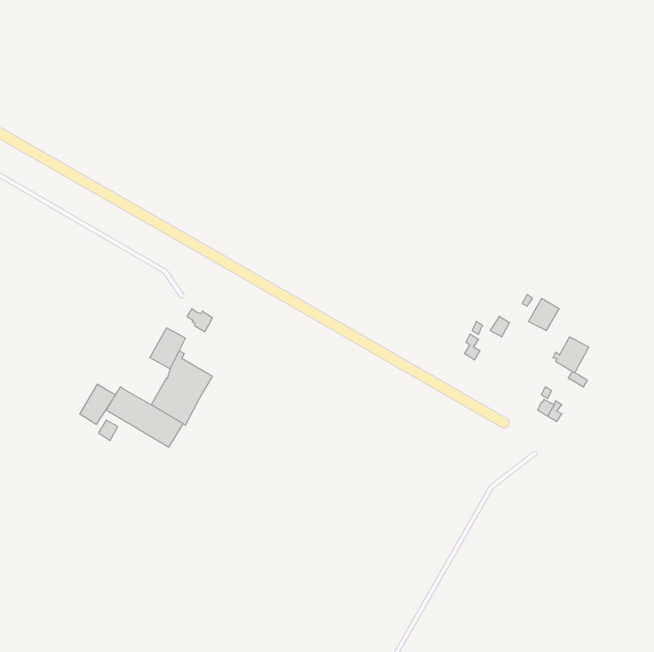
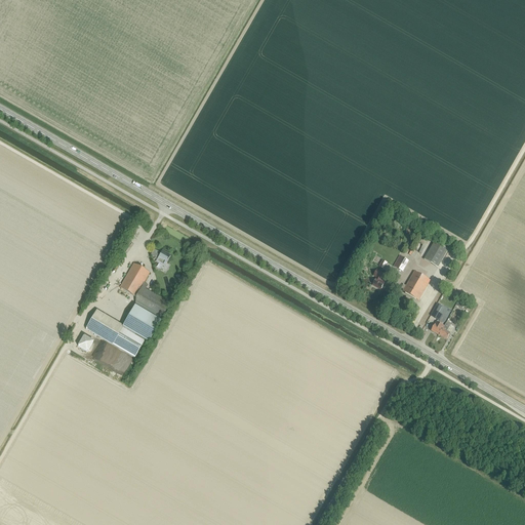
building: [553,337,589,373] -> [401,270,430,298]
building: [80,384,115,424] -> none

